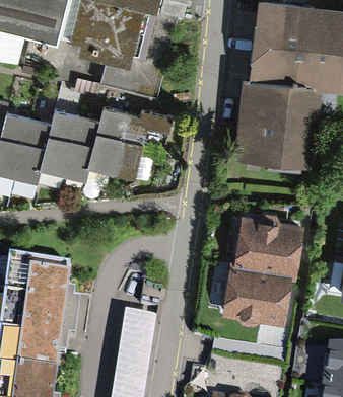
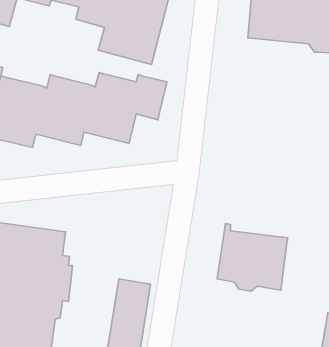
building: [236,73,321,165] -> none
building: [234,211,304,277] -> none

